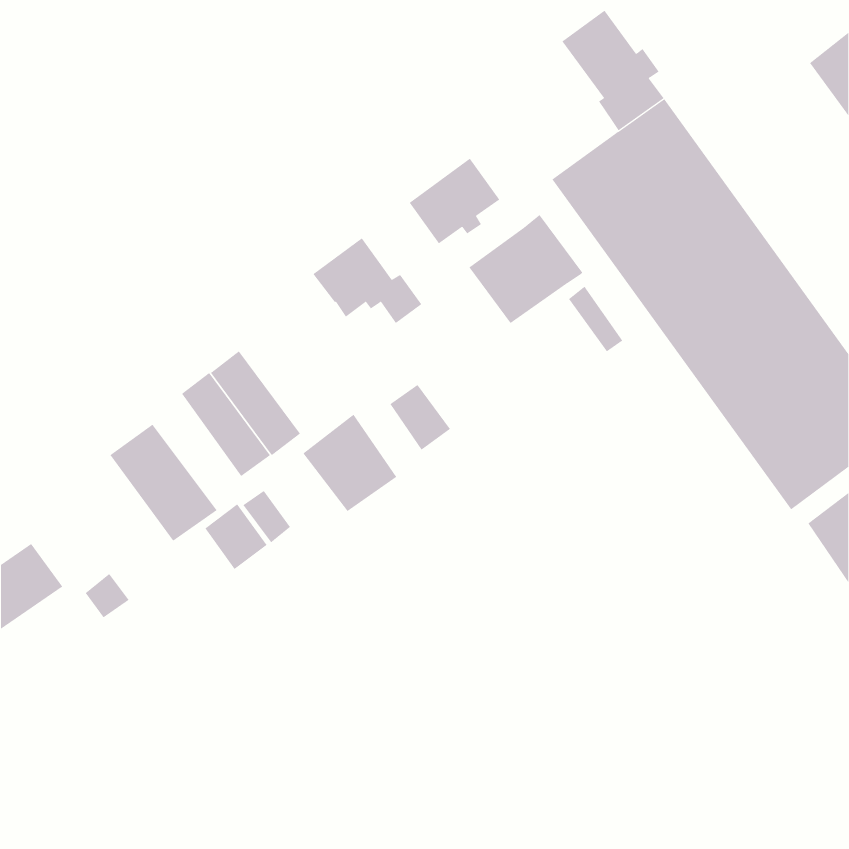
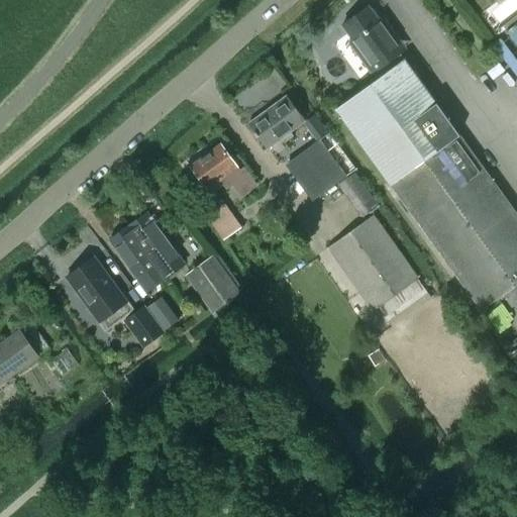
building: none -> [326,214,426,321]
building: [389,384,451,451] -> [205,200,242,240]

